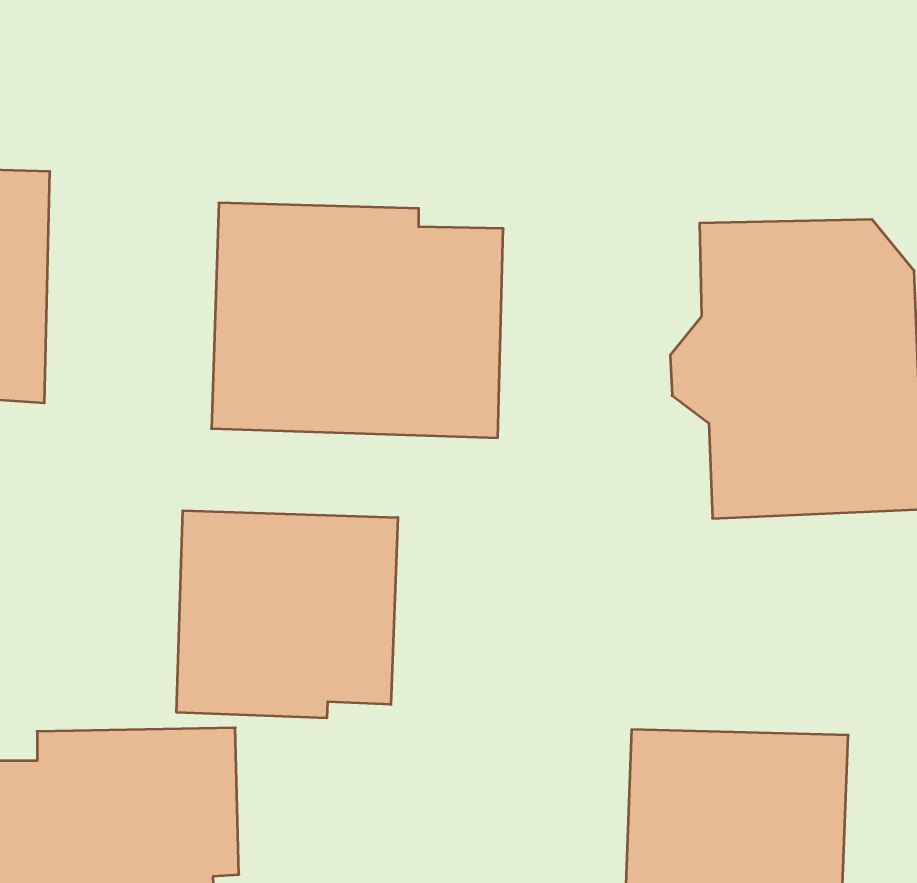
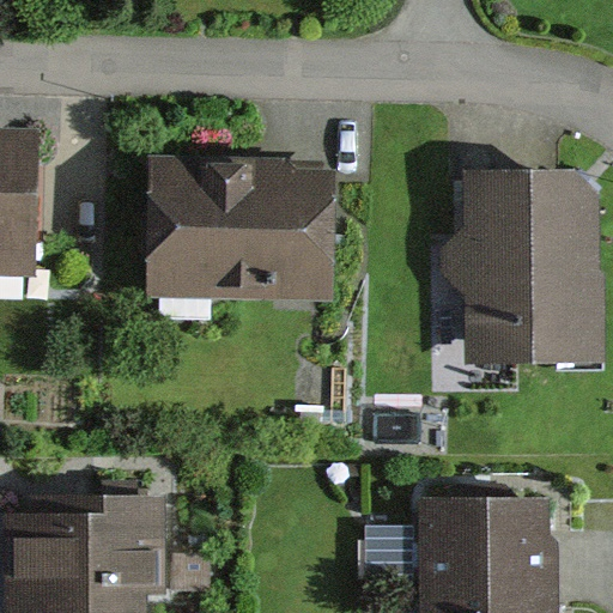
building: [177,511,398,718] -> none

